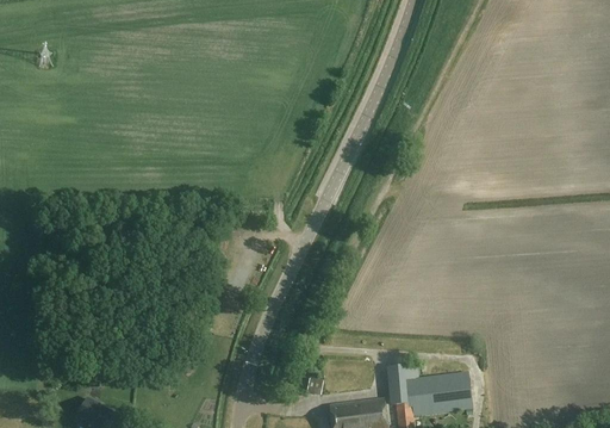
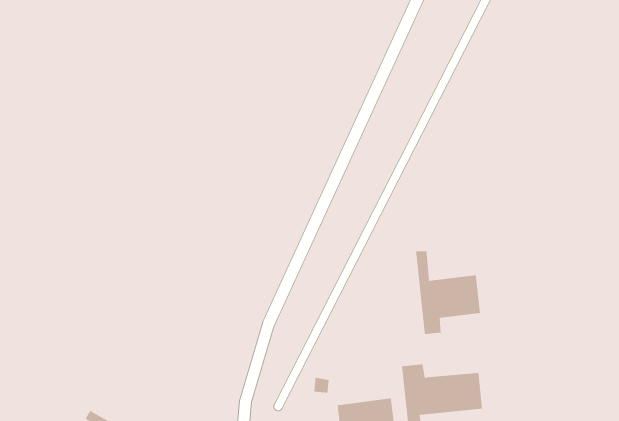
building: none -> [415,250,480,335]

